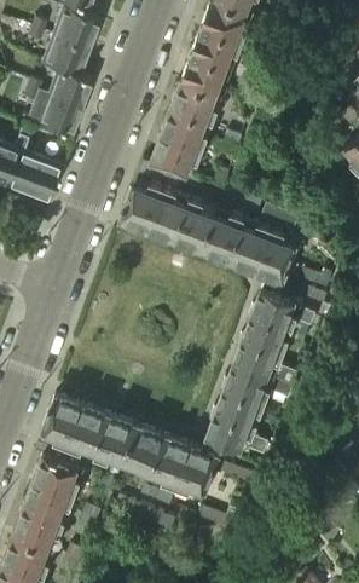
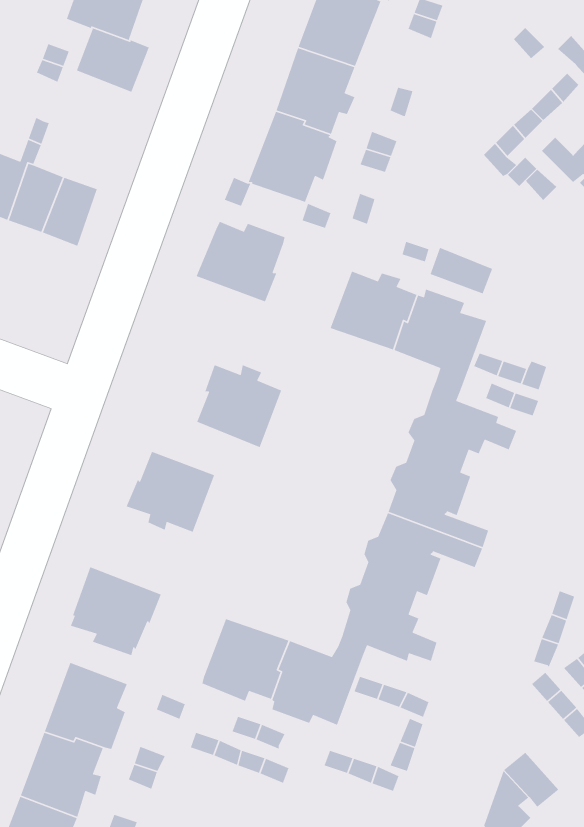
building: [37,96,82,137] -> none
building: [163,201,215,252] -> [196,364,282,448]
building: [85,412,139,462] -> [125,451,215,533]

